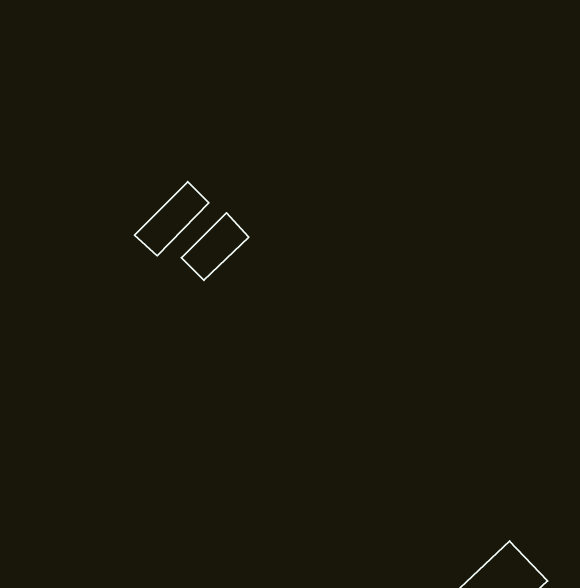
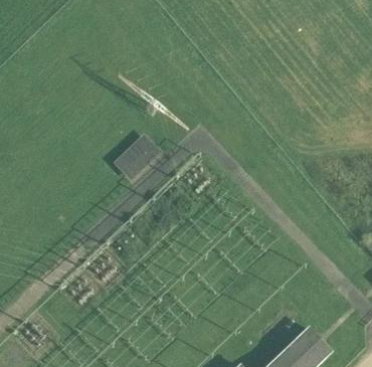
building: [135,182,209,256] -> none

